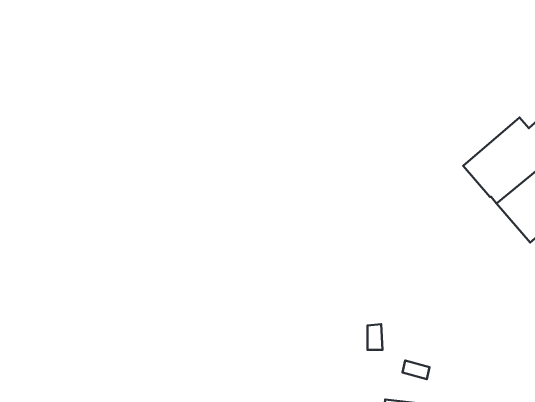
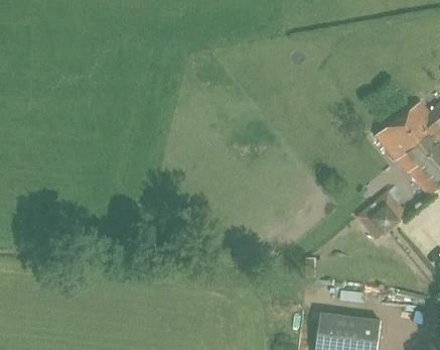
building: none -> [355,191,407,242]

